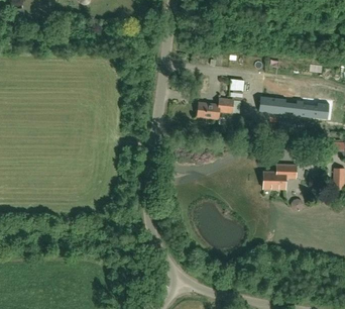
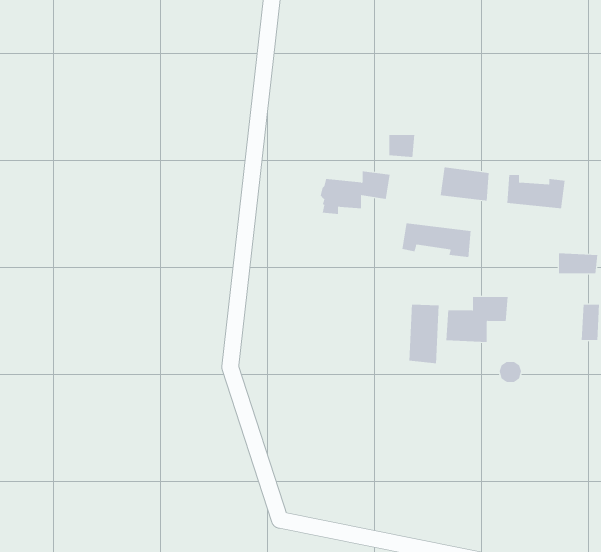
building: none -> [402,223,471,258]
building: none -> [409,304,439,364]

